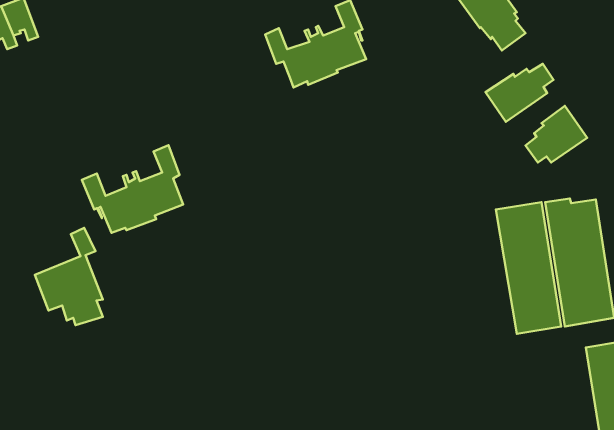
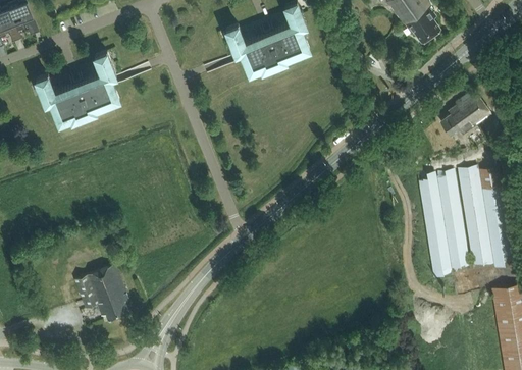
building: [485,64,554,122] -> none
building: [82,145,183,233] -> [36,52,119,124]
building: [35,228,103,325] -> [74,242,130,322]

